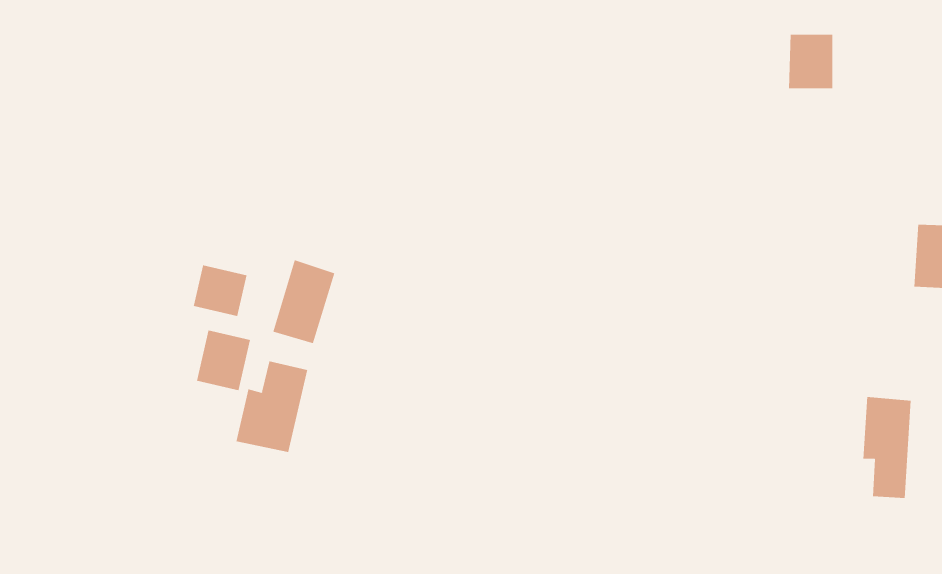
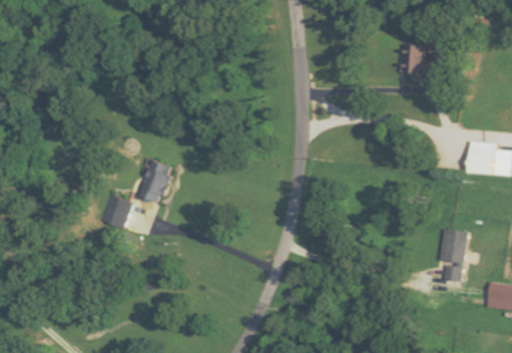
building: [193,264,247,317] -> none
building: [236,360,308,453] -> none

